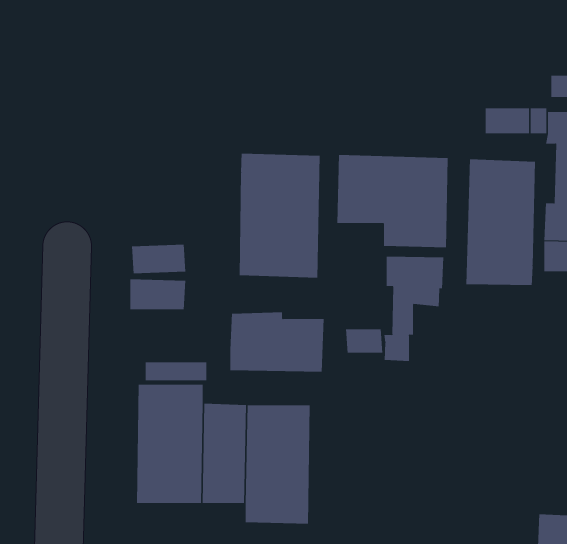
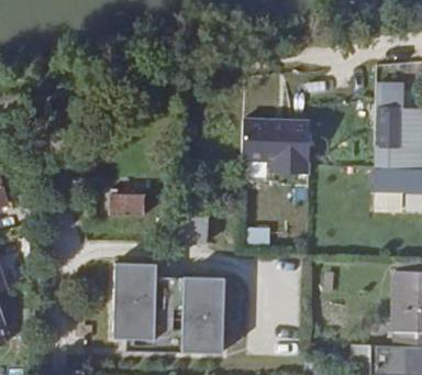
building: [239,153,320,278] -> none
building: [466,158,536,286] -> none
building: [384,256,444,362] -> none

